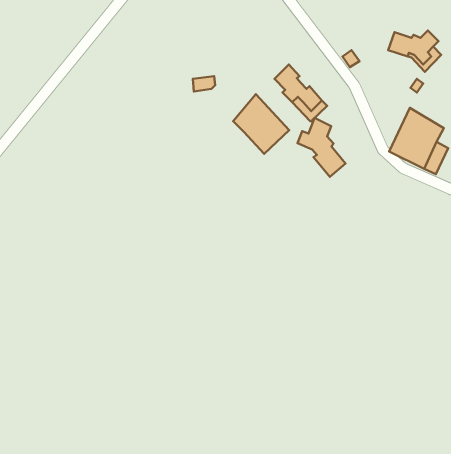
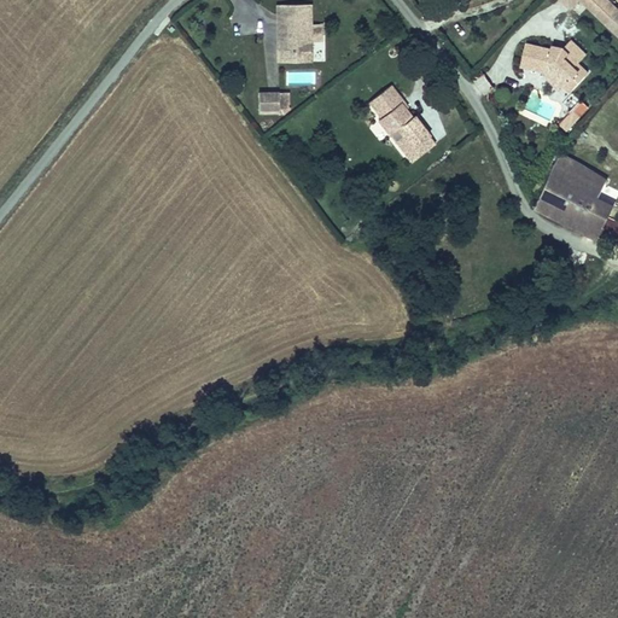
building: none -> [268,10,313,75]
building: [233,94,289,154] -> none
building: [298,118,345,177] -> none

